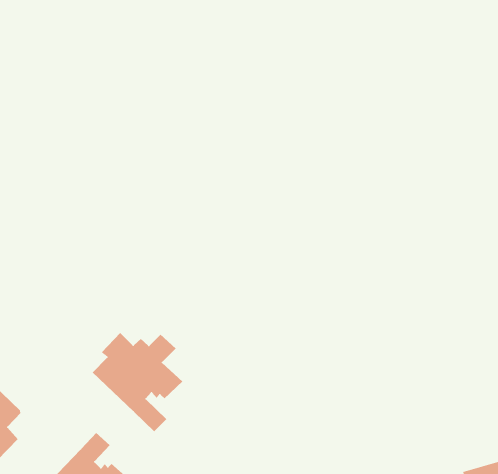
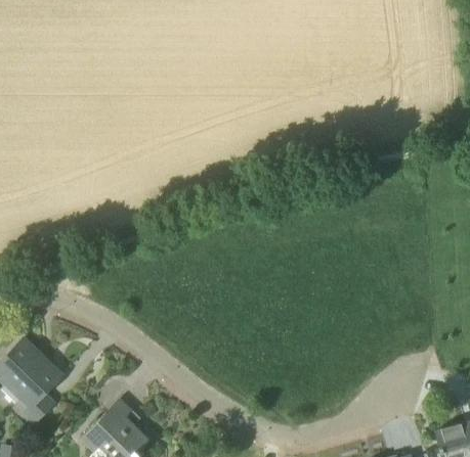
building: [92,332,183,432] -> none

